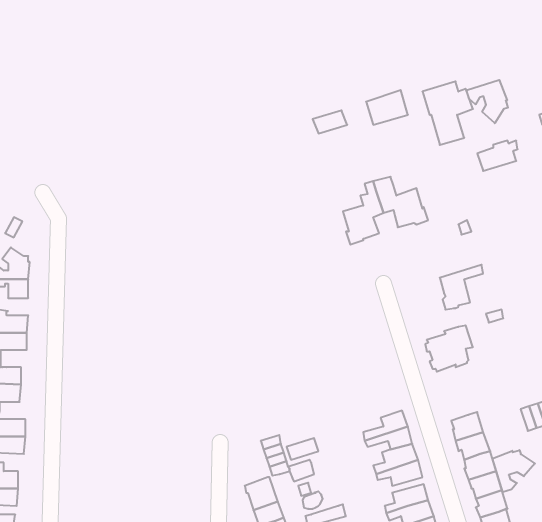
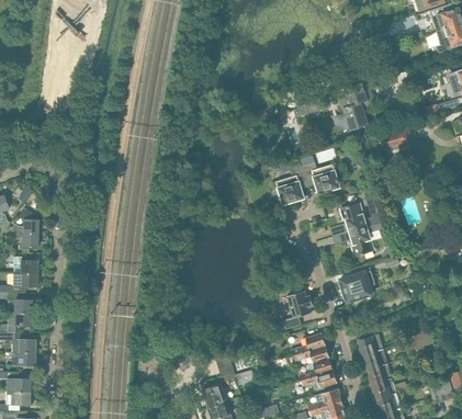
building: [467,80,508,123] -> none
building: none -> [340,205,382,233]
building: none -> [283,292,314,330]
building: [492,450,535,492] -> none

